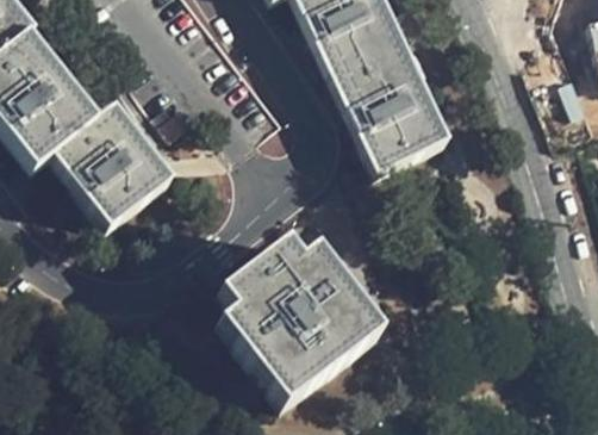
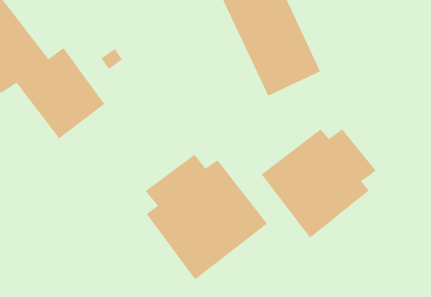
building: none -> [261,128,376,238]

